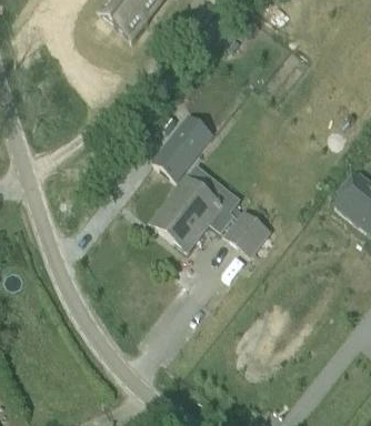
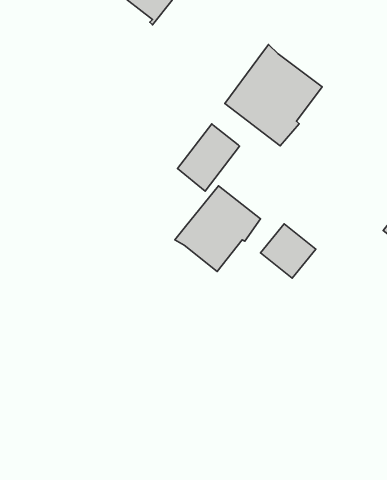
building: none -> [225,44,322,146]

